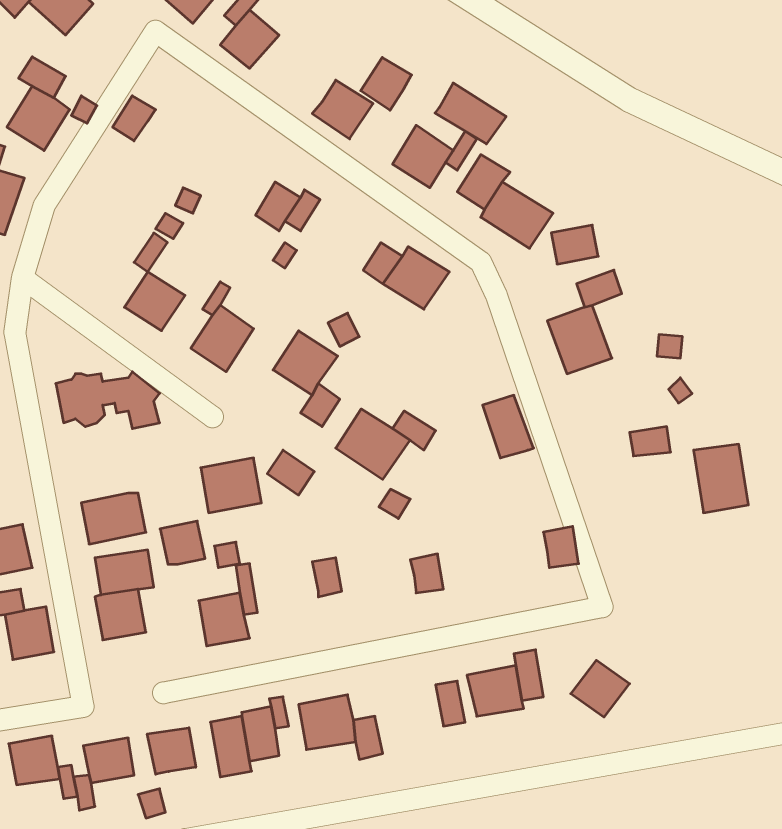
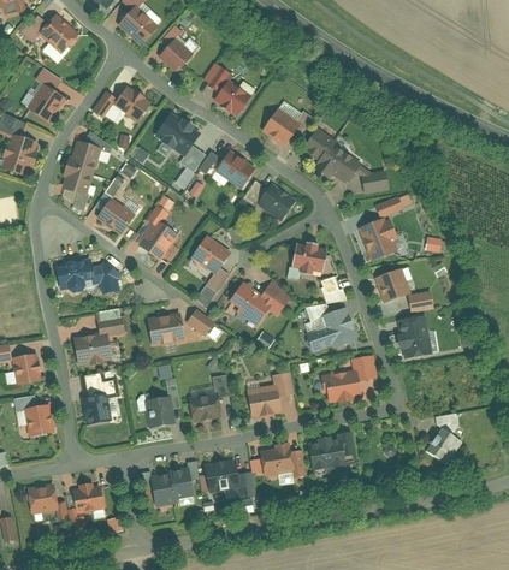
building: [361,57,412,110] -> [201,61,232,94]
building: [435,83,506,144] -> none
building: none -> [112,84,152,123]
building: none -> [154,112,199,155]
building: none -> [61,141,101,195]
building: none -> [214,149,256,189]
building: none -> [291,243,327,273]
building: none -> [373,268,410,304]
building: [694,444,748,513] -> [397,316,431,358]
building: none -> [304,308,356,351]
building: [160,521,205,564] -> [95,308,123,334]
building: none -> [324,370,361,403]
building: none -> [245,385,280,416]
building: none -> [187,394,220,423]
building: [571,660,630,717] -> [426,428,462,463]
building: none -> [260,446,292,476]
building: [147,728,196,774] -> none

